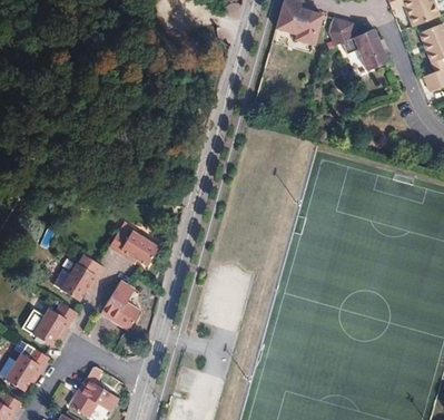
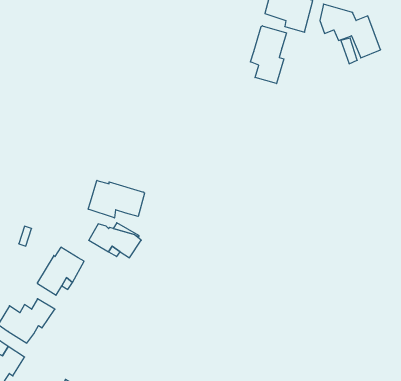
building: none -> [250,26,286,84]
building: none -> [88,180,145,218]
building: [102,277,141,326] -> none

